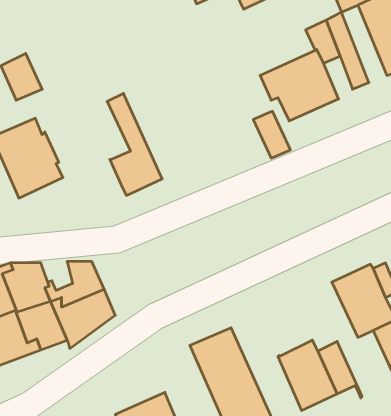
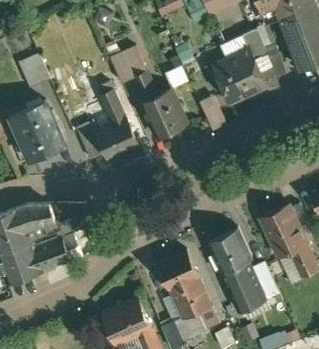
building: none -> [109,46,146,81]
building: none -> [137,78,185,135]
building: none -> [78,119,108,156]
building: none -> [208,227,251,272]

